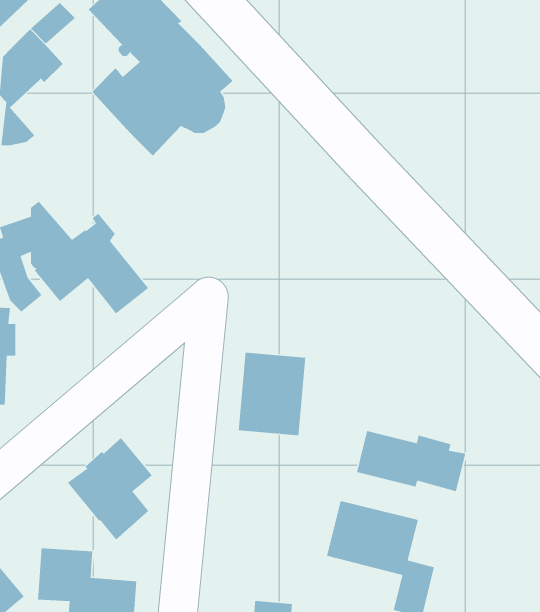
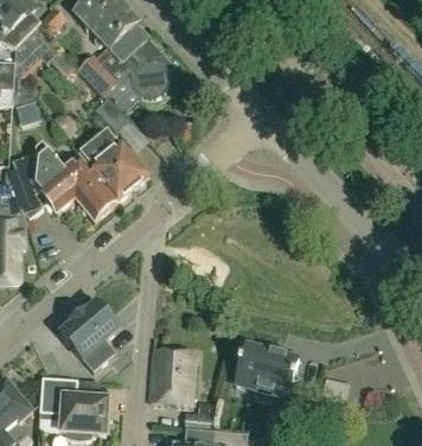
building: none -> [81,129,148,200]
building: [238,352,306,436] -> [149,346,196,403]
building: [356,430,466,492] -> none

